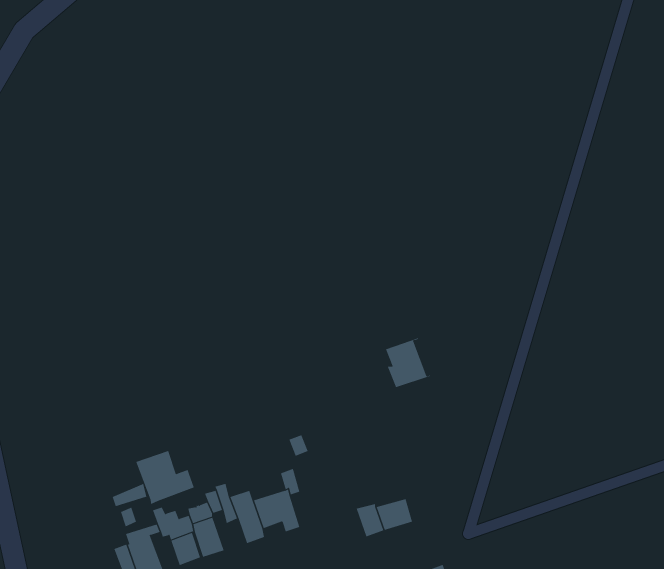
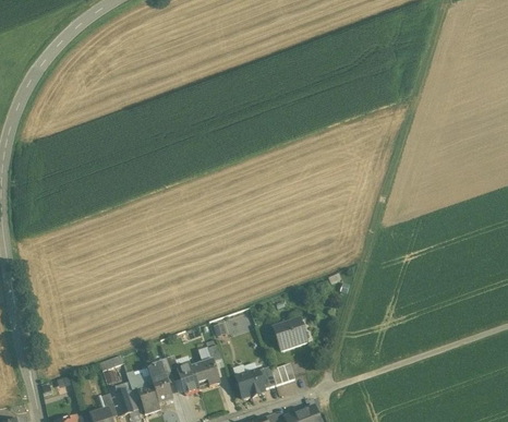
building: [385,337,431,388] -> [277,317,306,350]
building: [136,450,194,505] -> none
building: none -> [234,371,263,399]

